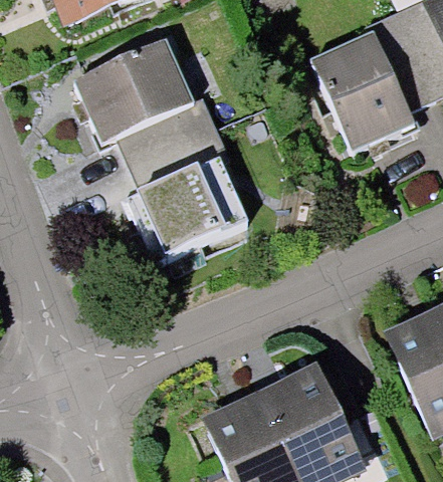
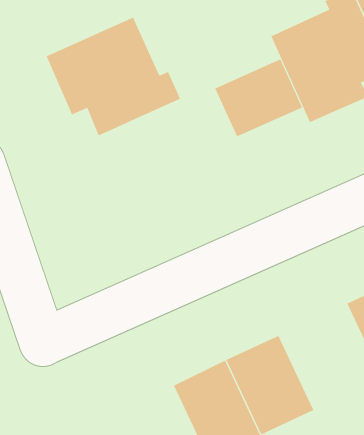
building: none -> [215,59,303,137]
building: [127,126,247,262] -> none

